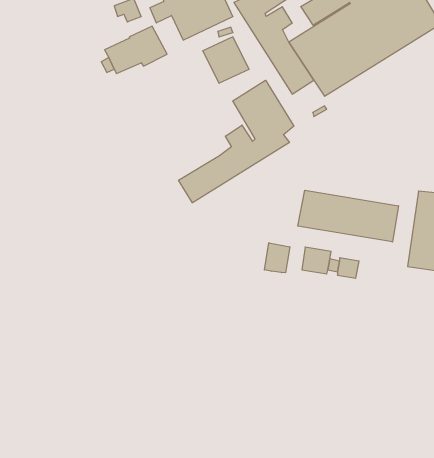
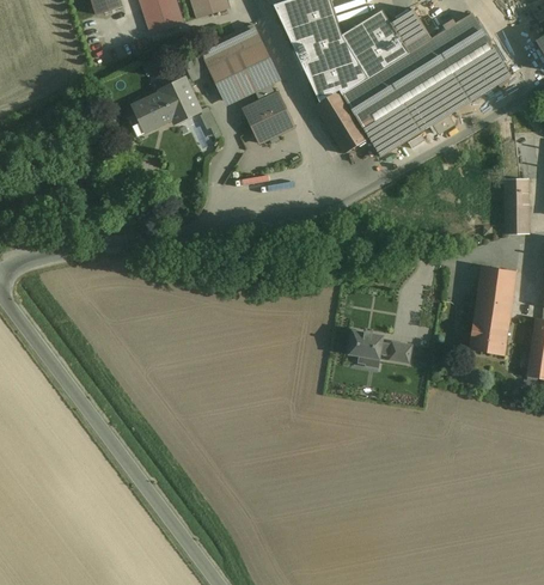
building: [179,80,294,203] -> none
building: [298,190,398,242] -> none
building: [264,243,290,273] -> none

